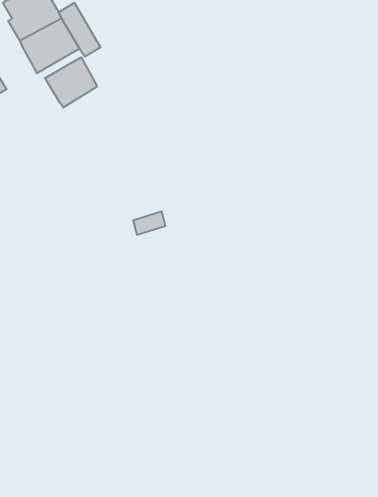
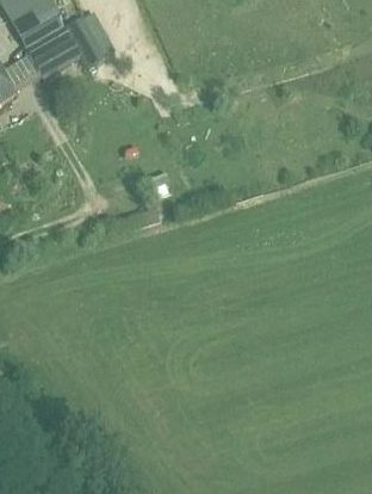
building: [45,57,97,108] -> none

